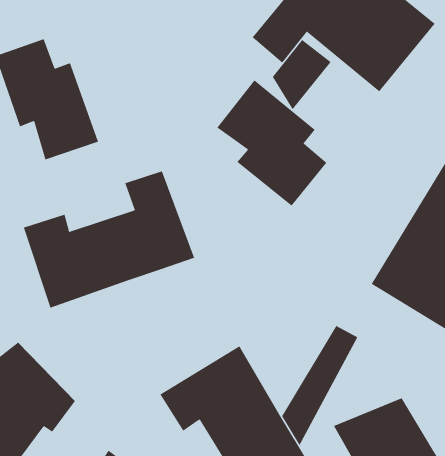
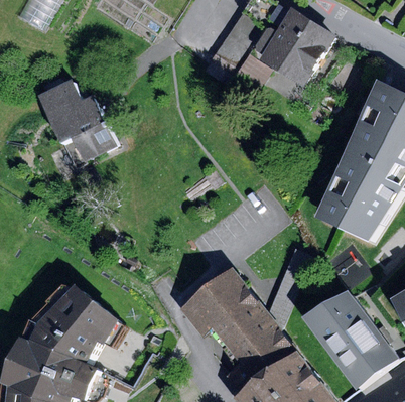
building: [217,80,327,206] -> none
building: [23,170,195,309] -> none

